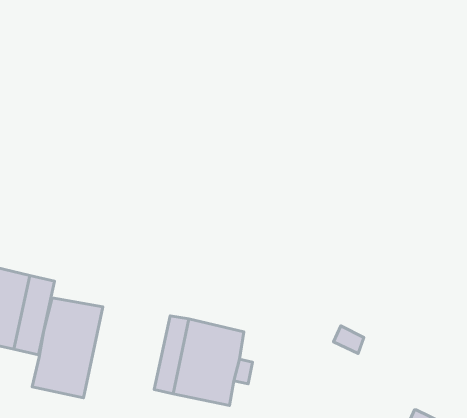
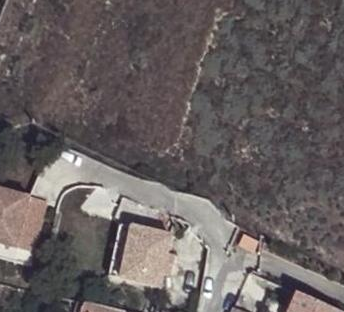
building: [32,298,103,398] -> none

